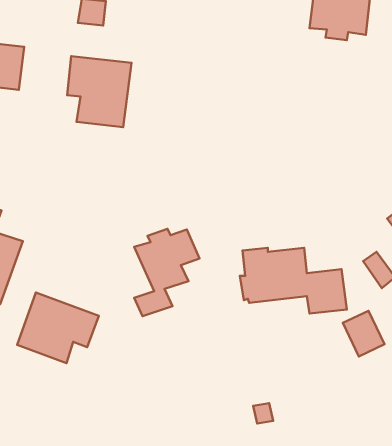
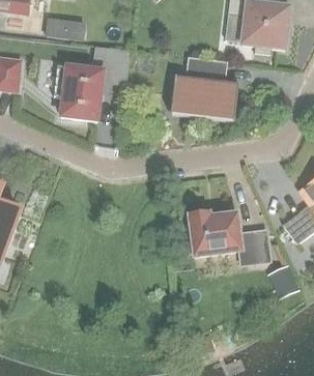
building: none -> [171,55,239,121]
building: [134,229,200,316] -> none
building: [17,292,99,363] -> none

